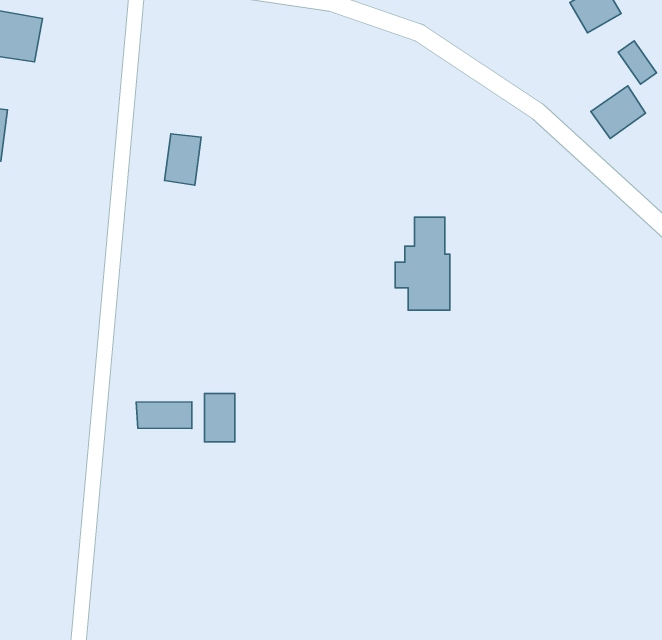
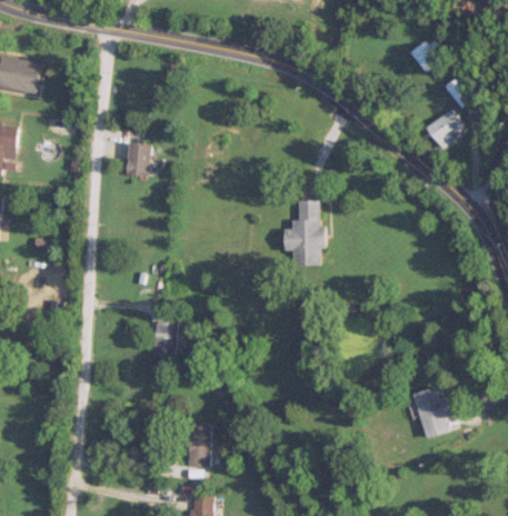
building: [136,402,192,429] -> none
building: none -> [409,388,450,439]
building: none -> [187,426,209,467]

